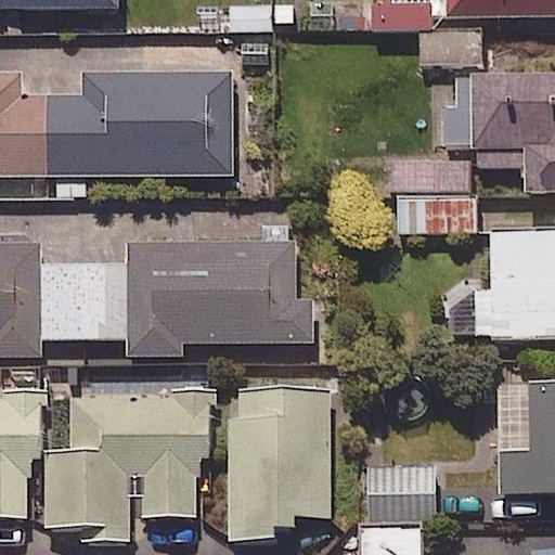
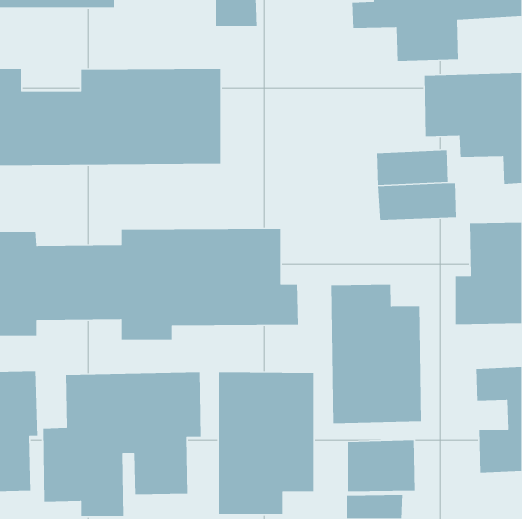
building: none -> [330,284,422,424]

